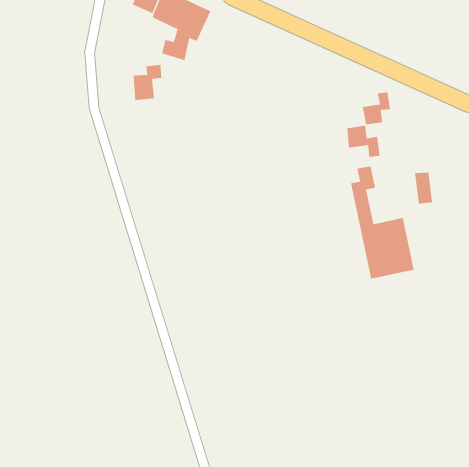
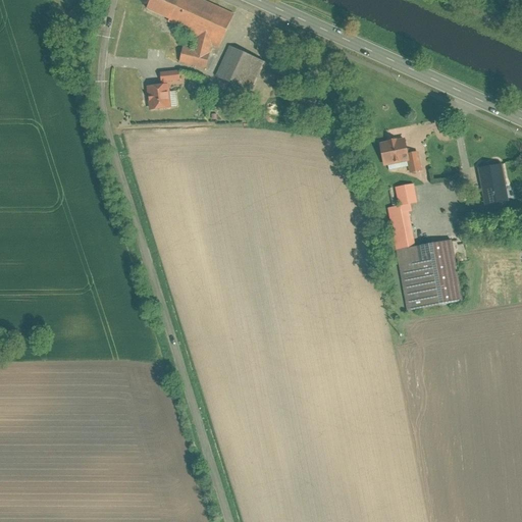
building: none -> [215,46,260,95]
building: [362,92,390,125] -> none
building: [414,172,433,204] -> [481,163,502,199]

